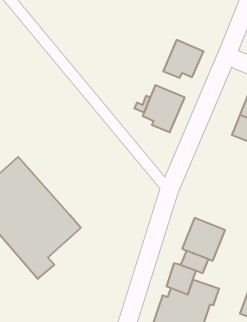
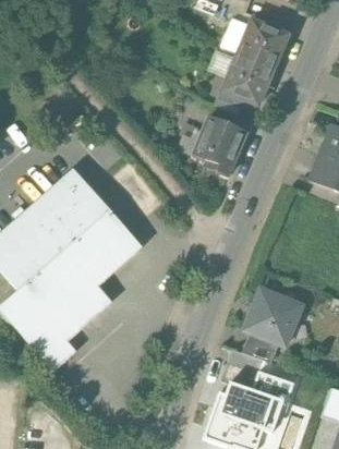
building: none -> [237,12,288,70]
building: none -> [27,171,140,287]

